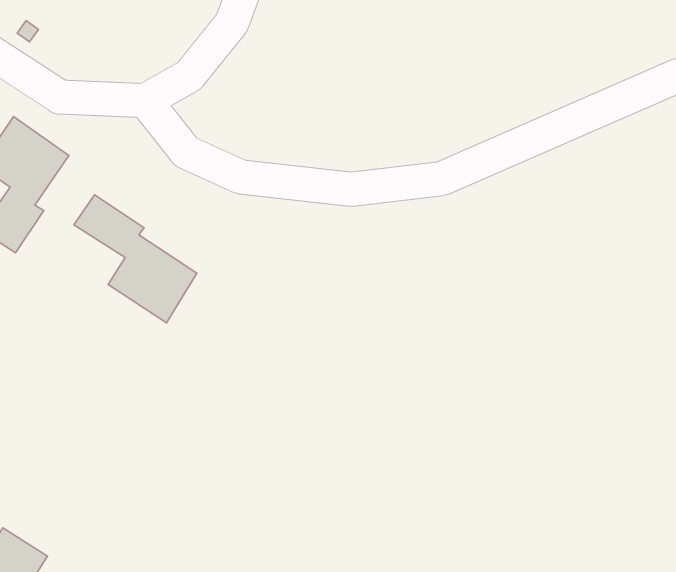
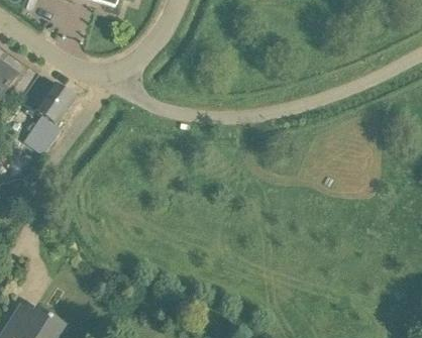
building: [74,195,197,323] -> none

